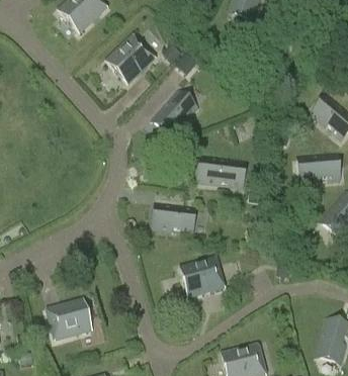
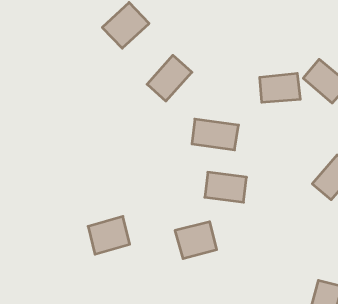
building: [297,152,339,181] -> [260,73,300,102]
building: [152,201,194,231] -> [205,172,247,202]
building: [48,299,90,338] -> [88,216,130,254]

